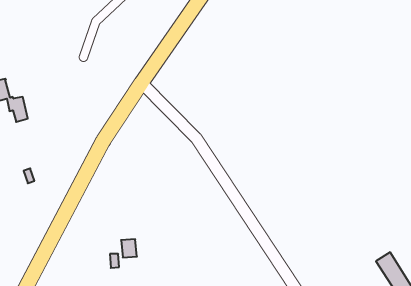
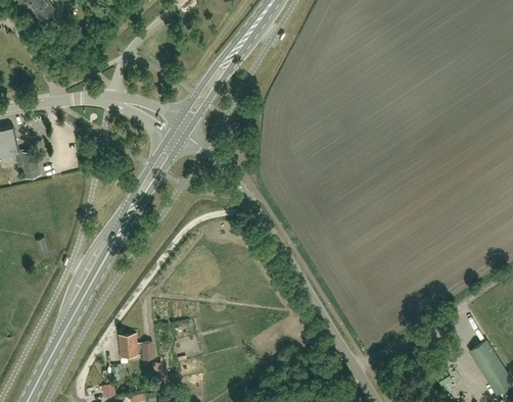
building: [121,239,137,257] -> [119,335,138,357]

